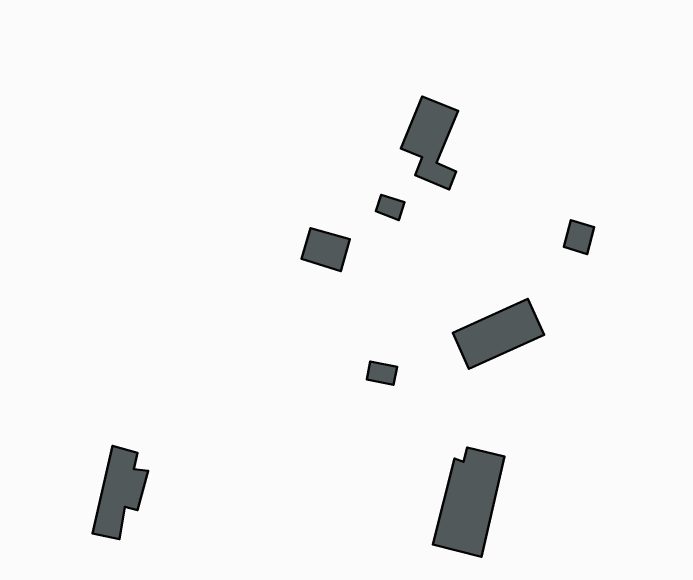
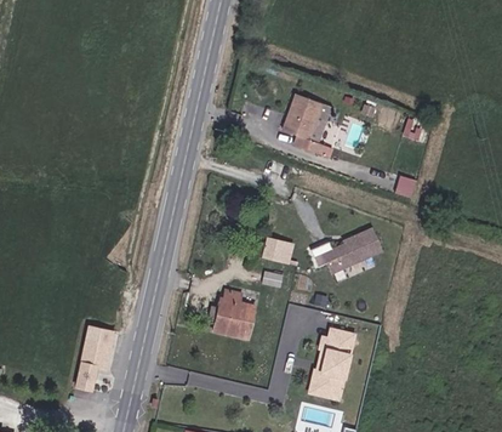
building: [301,228,350,271] -> [261,235,293,265]
building: none -> [215,291,256,340]

